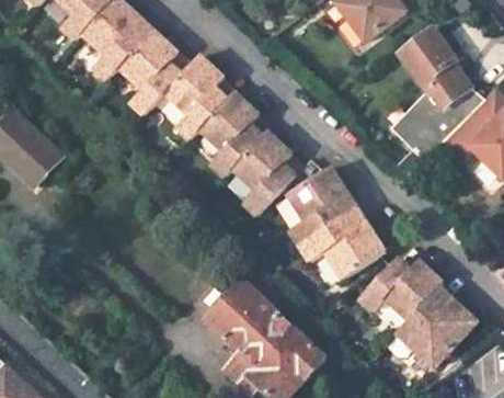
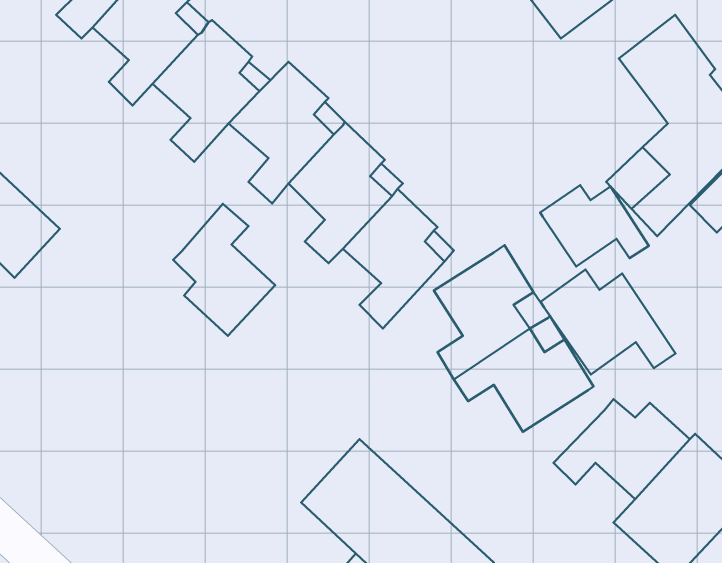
building: none -> [540,185,649,267]
building: none -> [173,204,275,336]
building: none -> [540,269,676,375]

